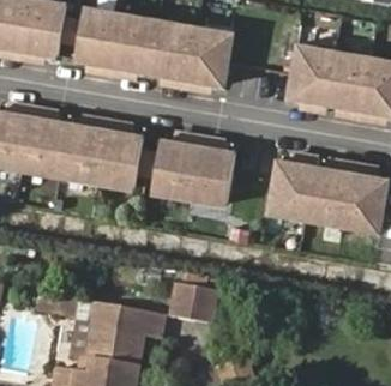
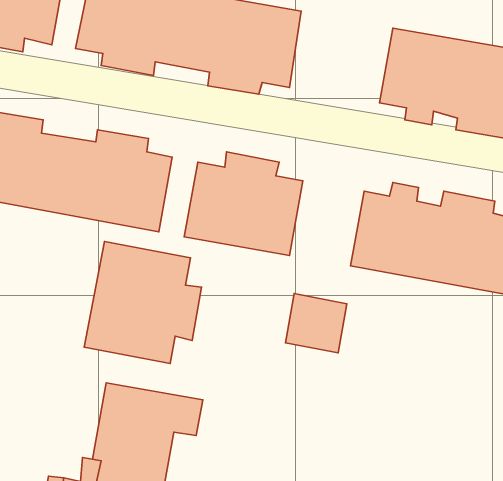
building: none -> [84,242,202,363]
building: [170,277,213,319] -> [286,293,347,353]

